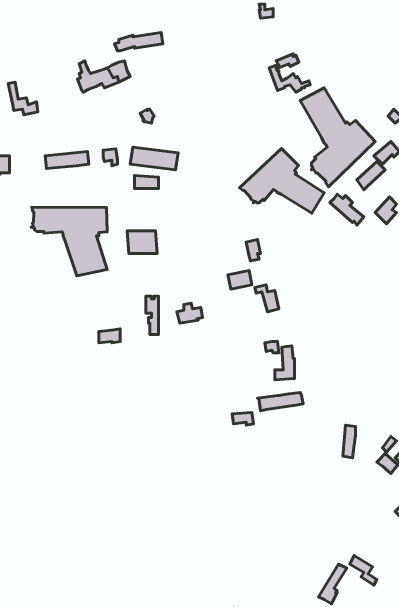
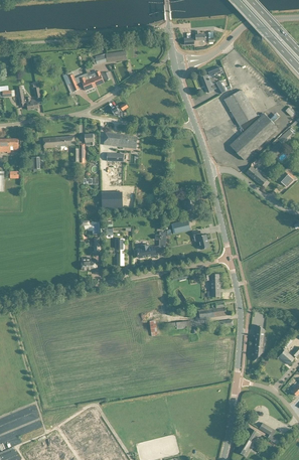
building: [240,148,324,213] -> none
building: [31,207,107,276] -> none

